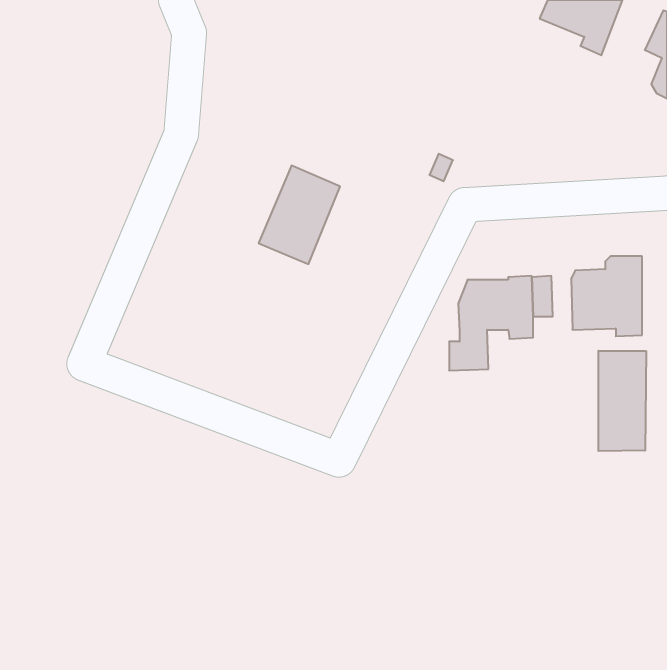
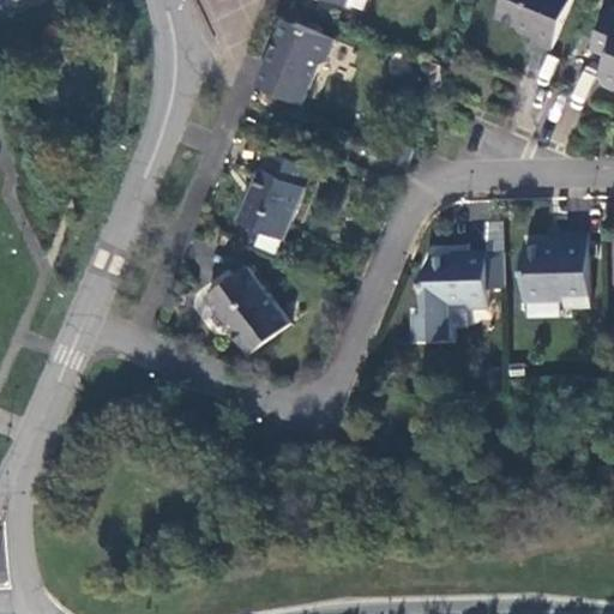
building: none -> [255,18,336,104]
building: none -> [204,269,288,356]
building: [598,351,646,451] -> none

